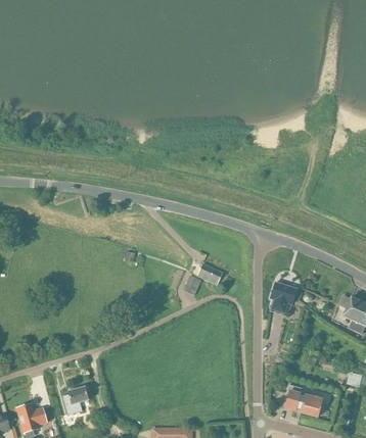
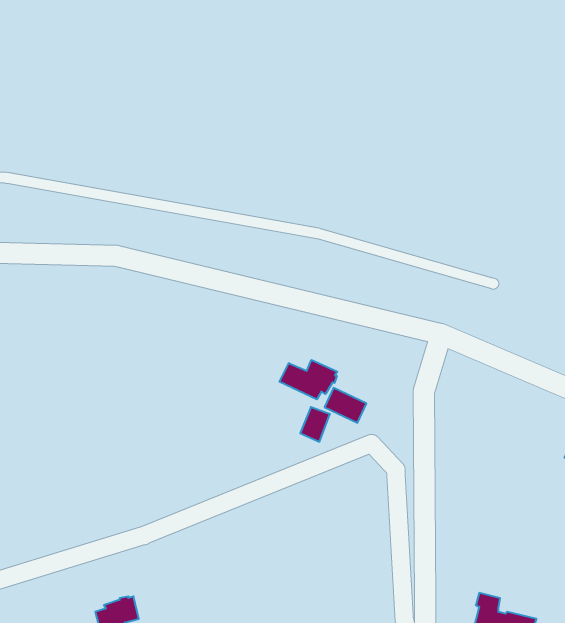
building: none -> [279,360,337,399]
building: [270,282,296,312] -> none

